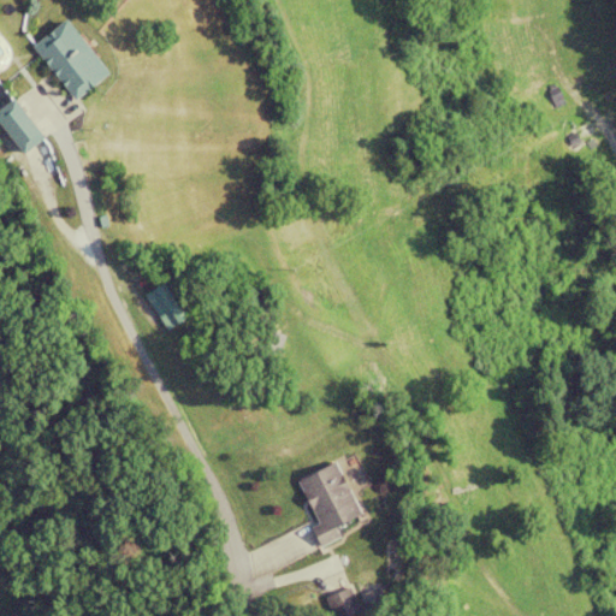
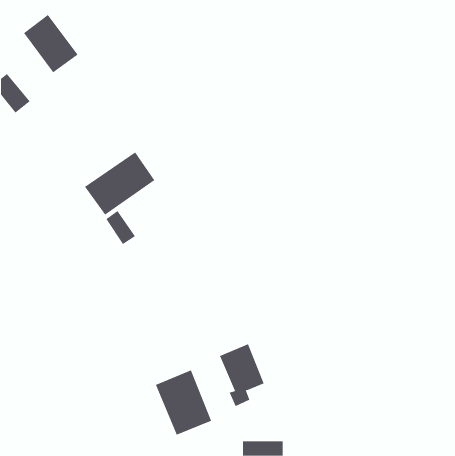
building: none -> [84,151,155,216]
building: none -> [155,369,212,435]

